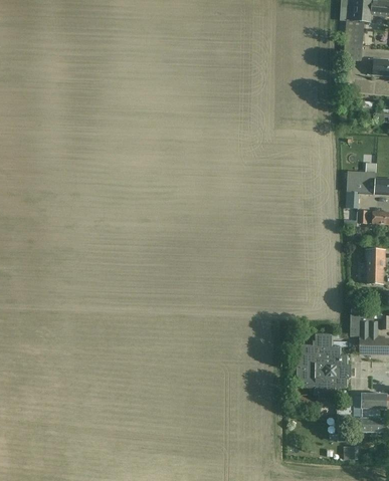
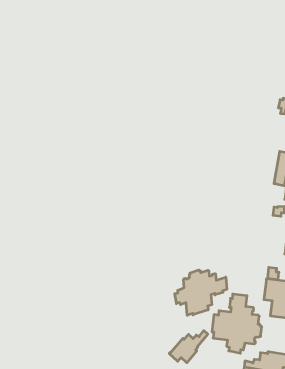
building: none -> [175,270,227,315]
building: none -> [169,331,208,363]

